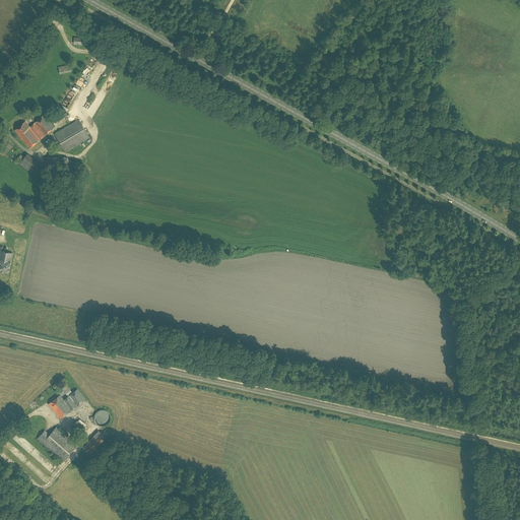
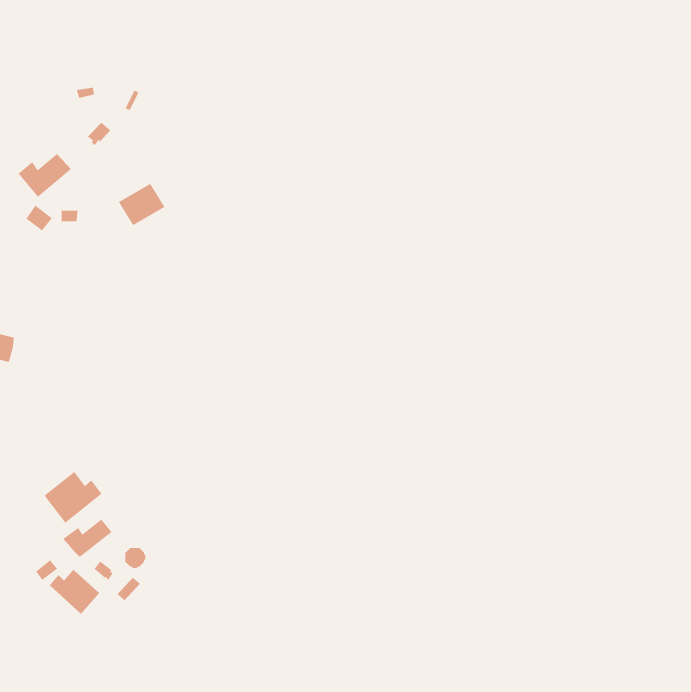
building: [53,120,88,152] -> [118,183,165,226]
building: none -> [43,471,102,524]

